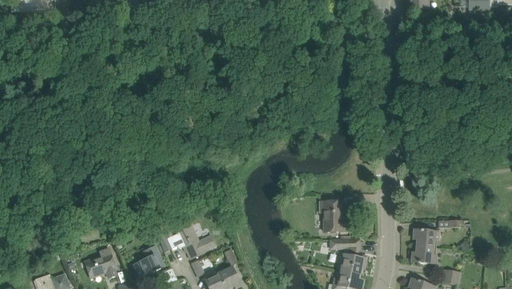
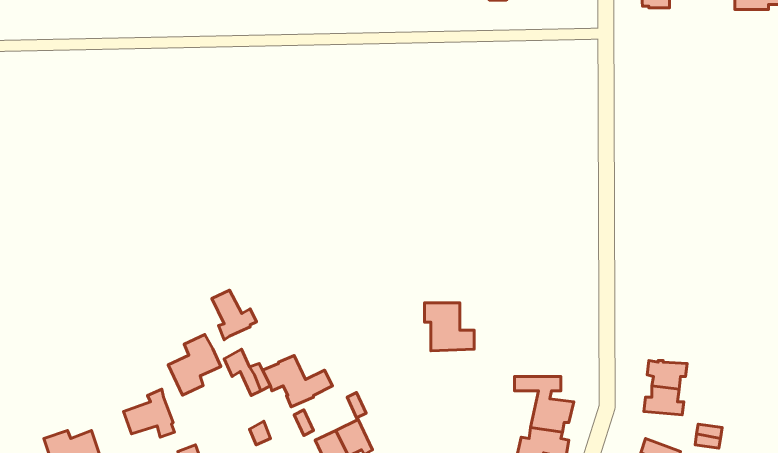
building: none -> [212,290,257,340]
building: [320,201,351,231] -> [425,303,474,351]
building: [132,245,165,283] -> [168,334,221,395]

